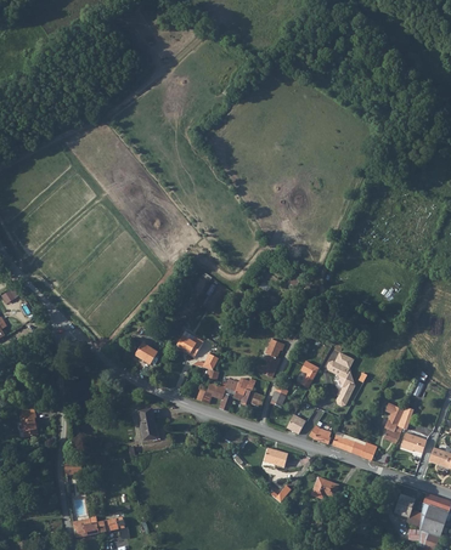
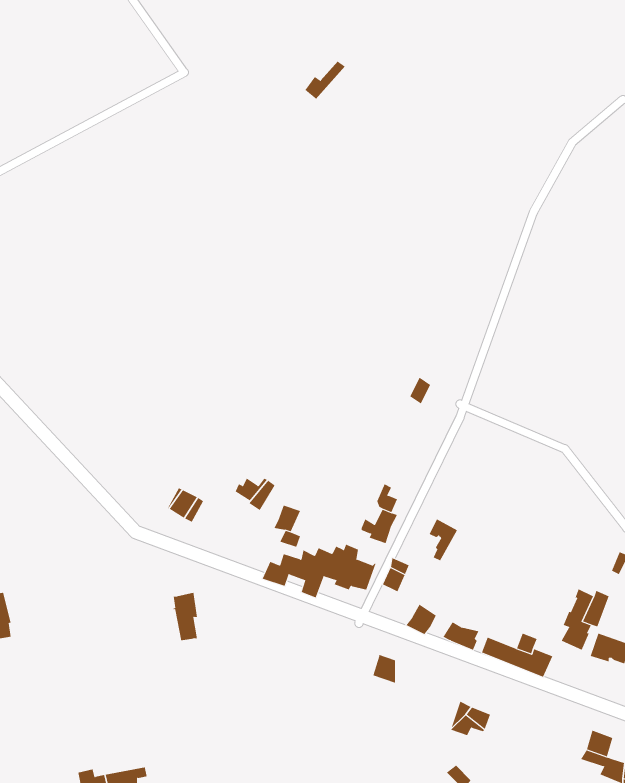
building: [326,351,354,406] -> none

